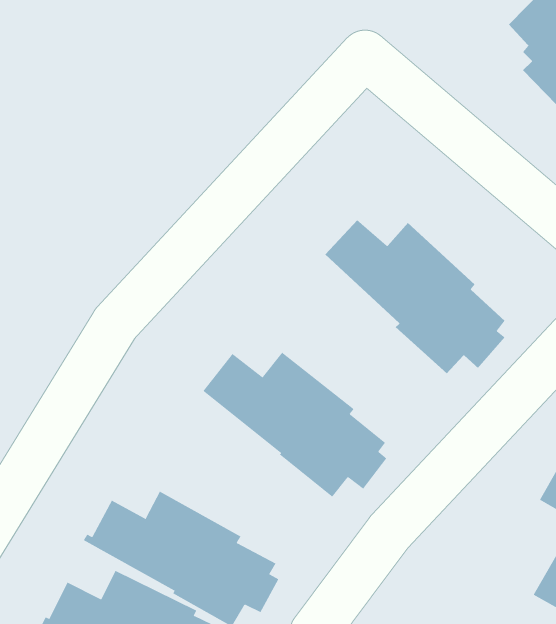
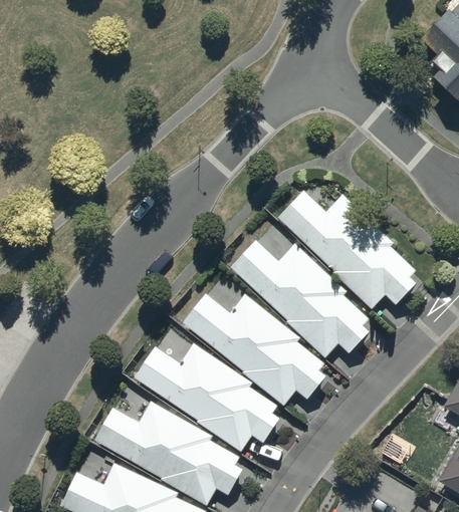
building: none -> [231,240,372,358]
building: none -> [132,343,280,452]

